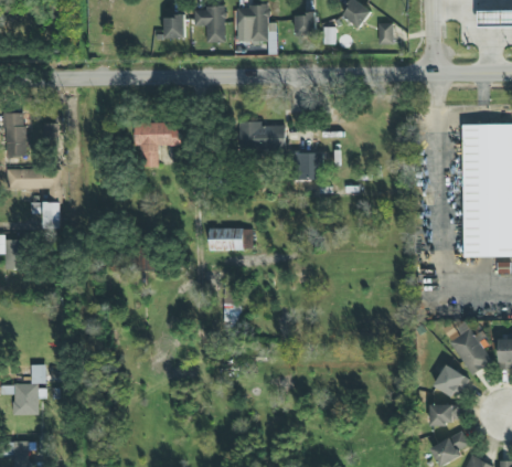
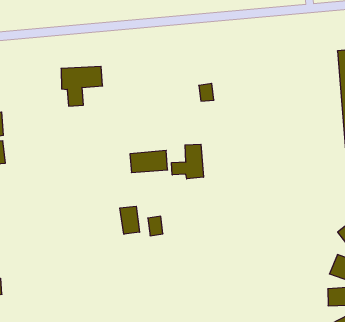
building: [238,121,285,151] -> none
building: none -> [172,144,203,179]
building: none -> [120,206,140,234]

